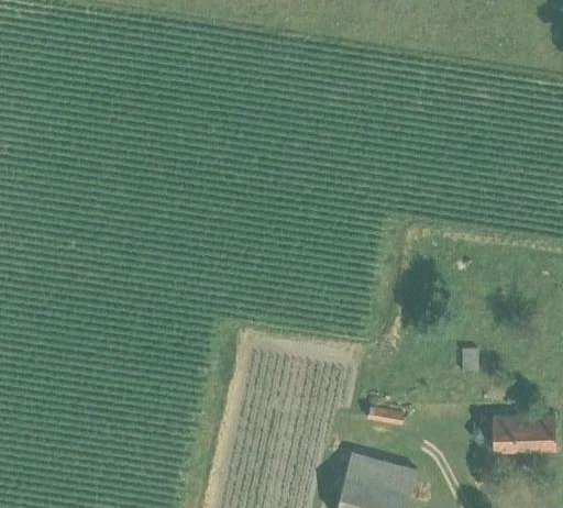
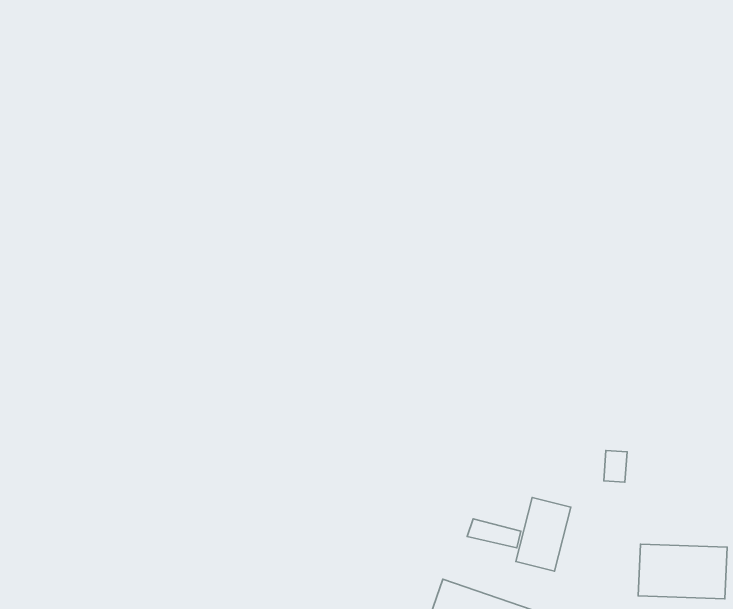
building: none -> [516,497,571,571]

